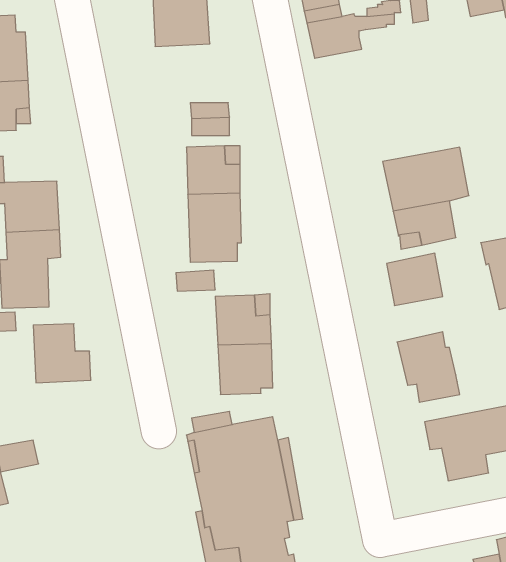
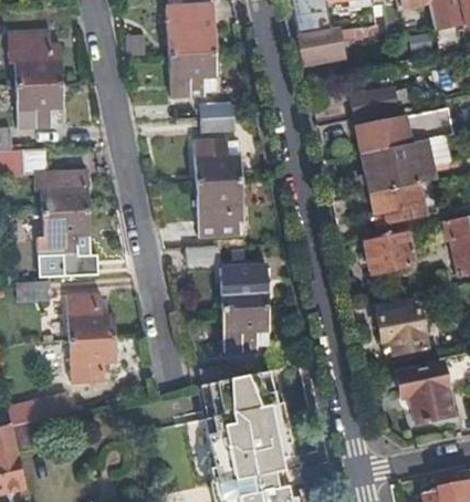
building: none -> [169,53,217,94]
building: none -> [349,87,399,119]
building: none -> [356,107,452,153]
building: none -> [69,337,116,380]

